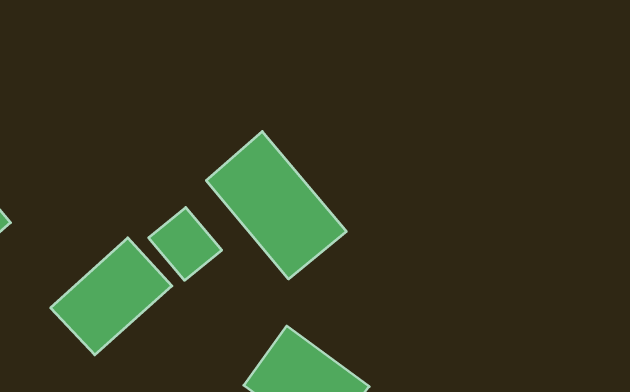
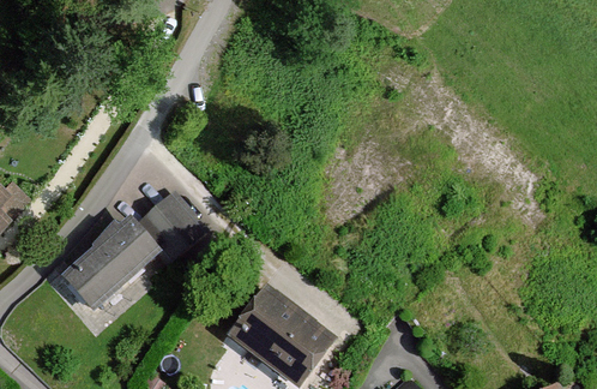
building: [206,131,346,279] -> none

